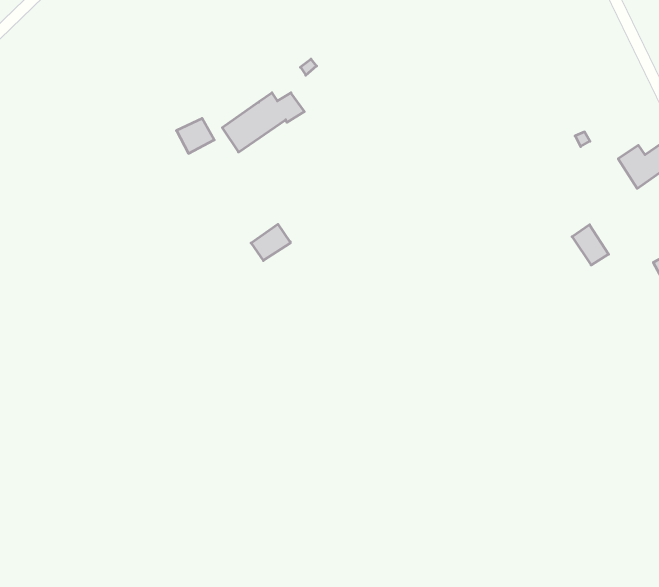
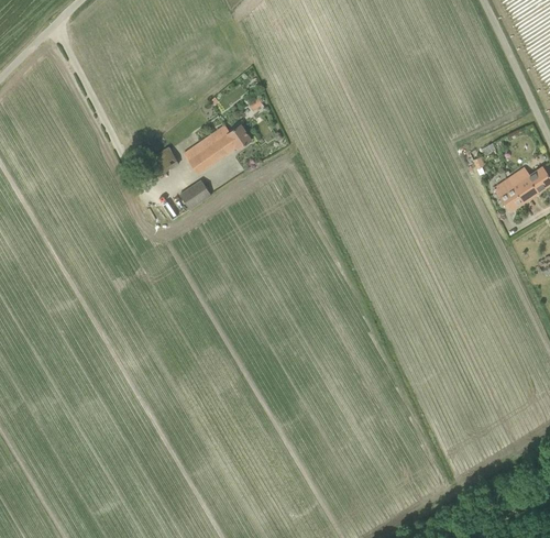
building: [251,224,290,261] -> [179,179,211,209]
building: [572,225,609,265] -> [494,178,524,211]

